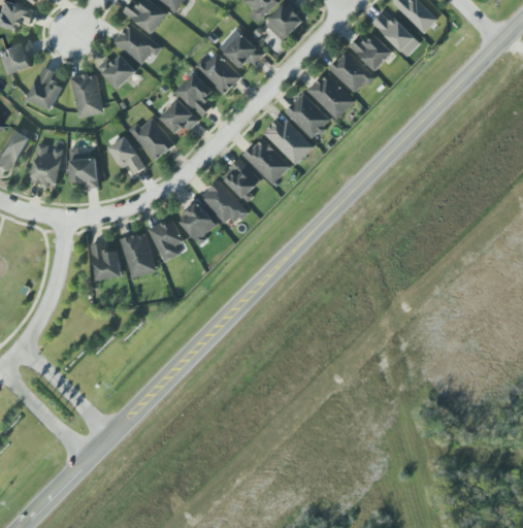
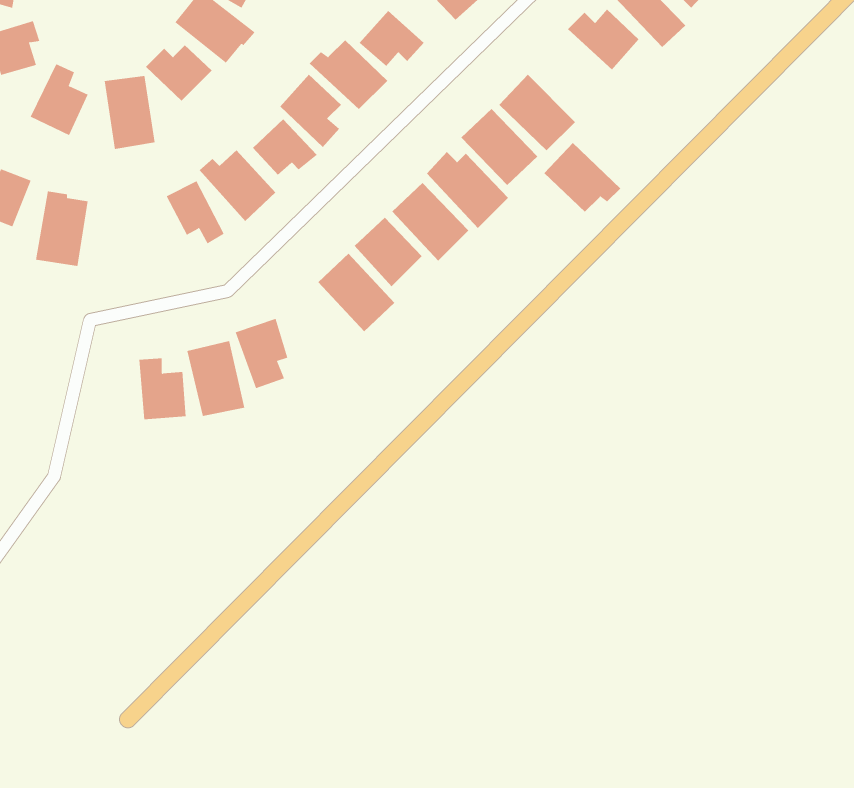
building: [329,50,375,92] -> [544,142,621,213]
building: [69,147,98,189] -> none
building: [179,200,218,242] -> none

